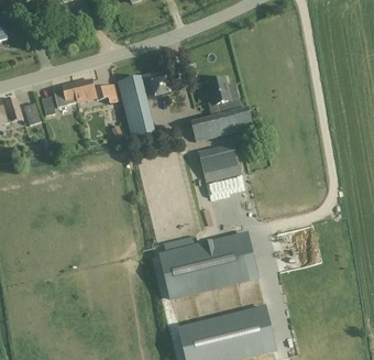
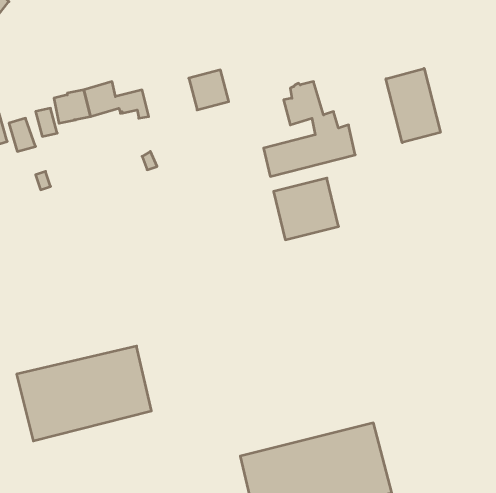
building: none -> [386,68,440,143]
building: [117,77,153,137] -> none
building: [157,234,246,297] -> [17,346,151,441]

